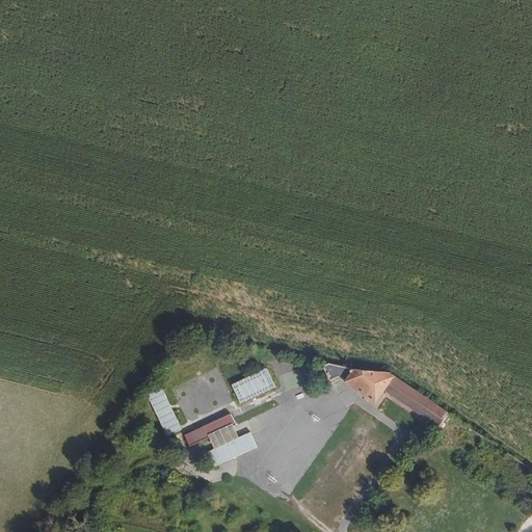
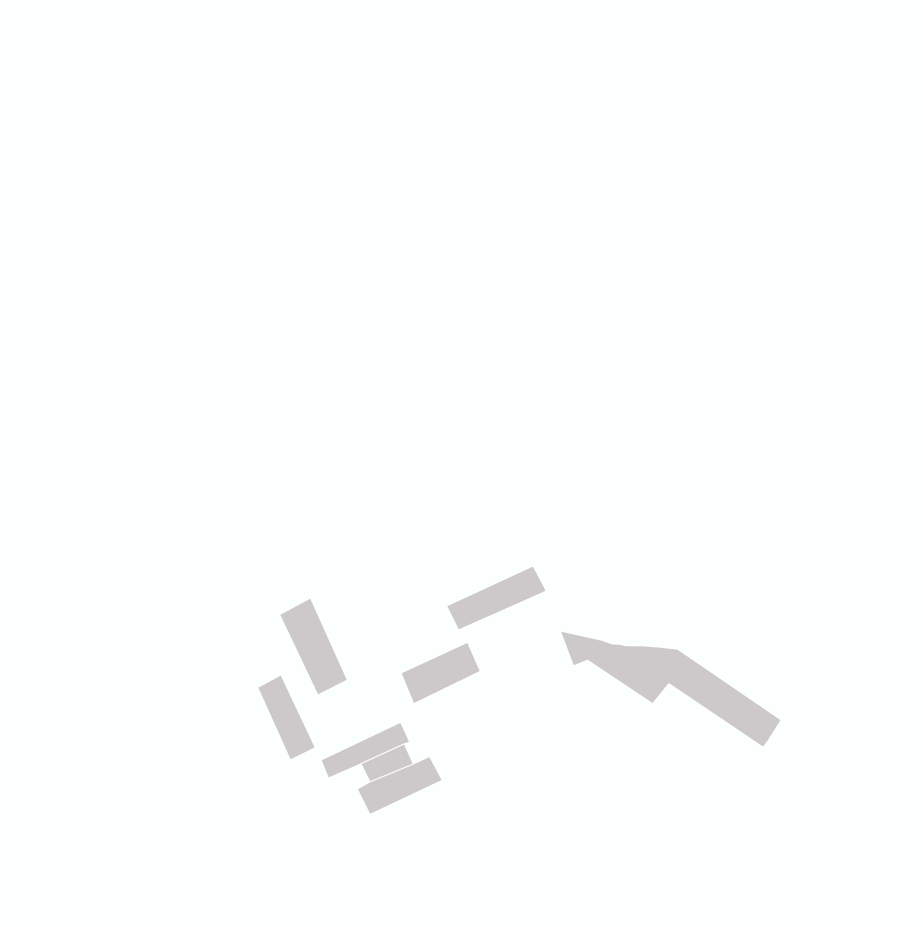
building: none -> [447,566,547,630]
building: none -> [279,598,348,695]

